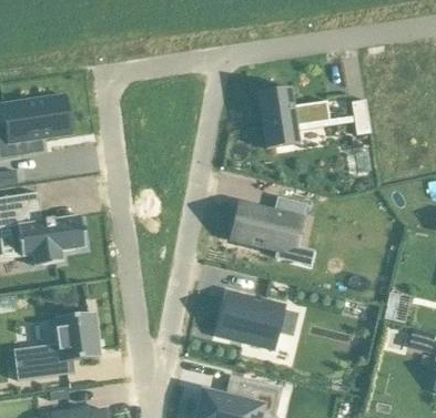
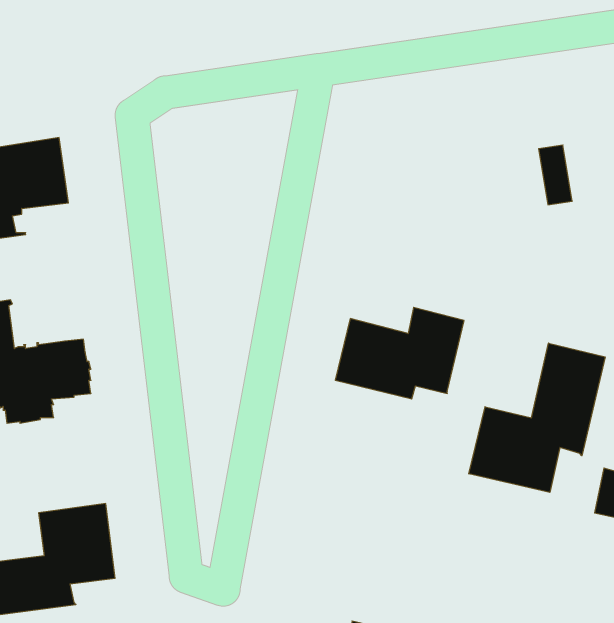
building: [256,86,328,149] -> none
building: none -> [469,343,605,492]
building: [217,292,283,348] -> none

